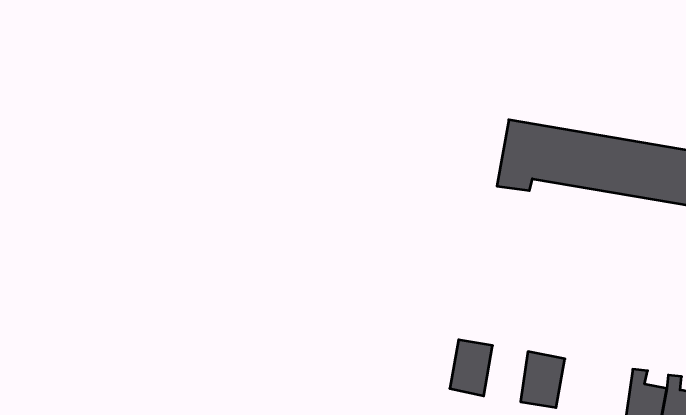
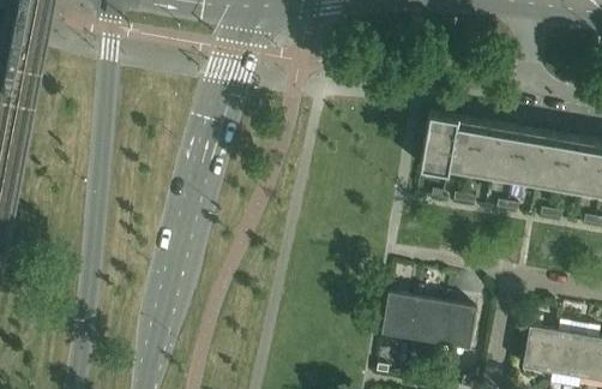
building: none -> [410,299,446,345]

